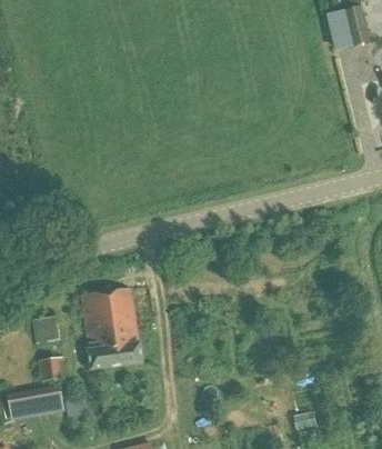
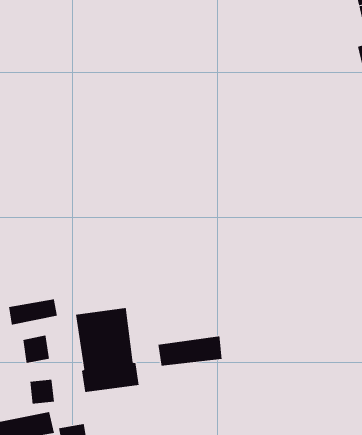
building: none -> [9,298,58,325]
building: none -> [158,336,222,367]

